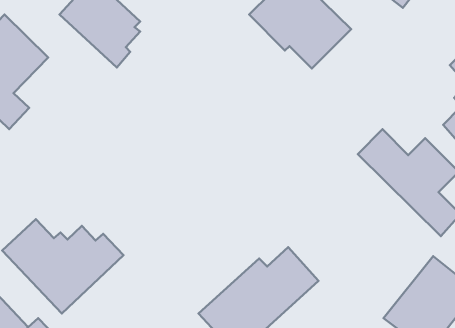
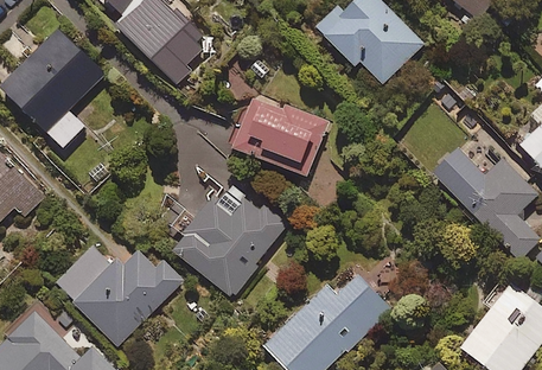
building: none -> [231,92,327,177]
building: none -> [171,194,287,295]

